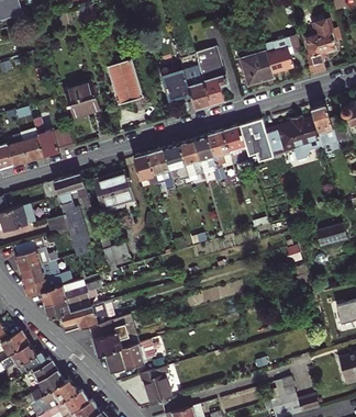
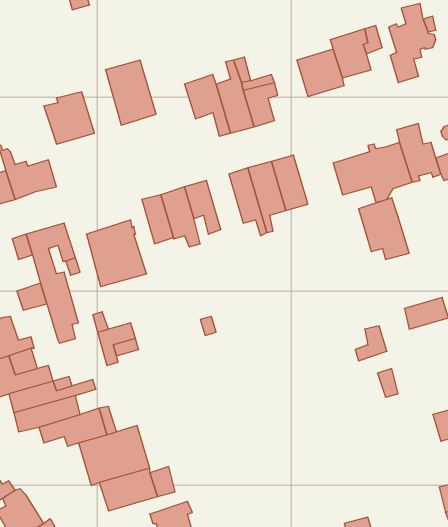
building: [238,117,274,160] -> [359,198,409,259]
building: [178,138,204,179] -> none

